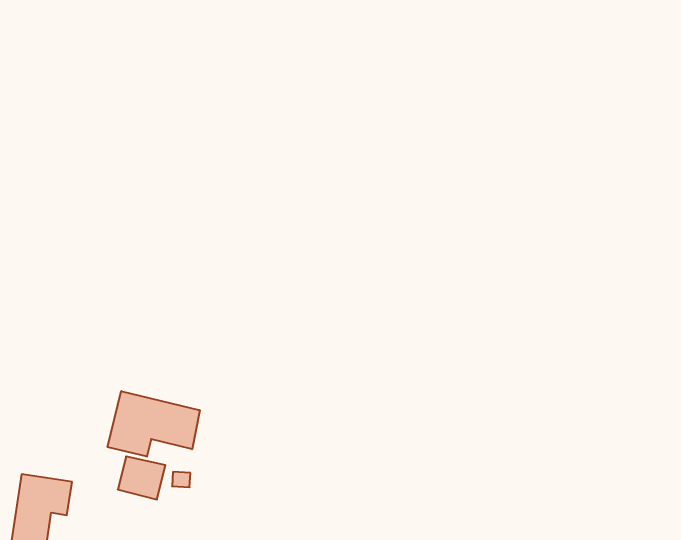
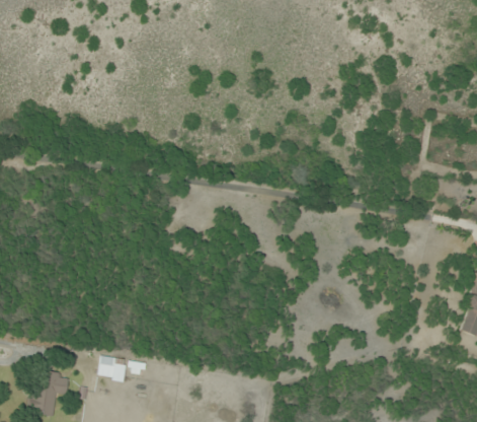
building: [108,391,200,457] -> none

